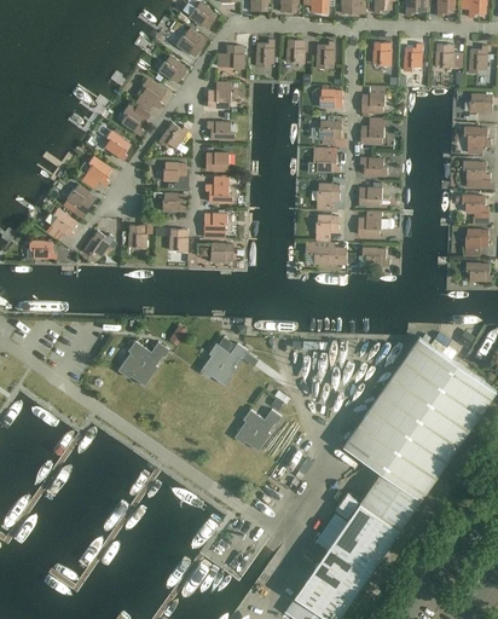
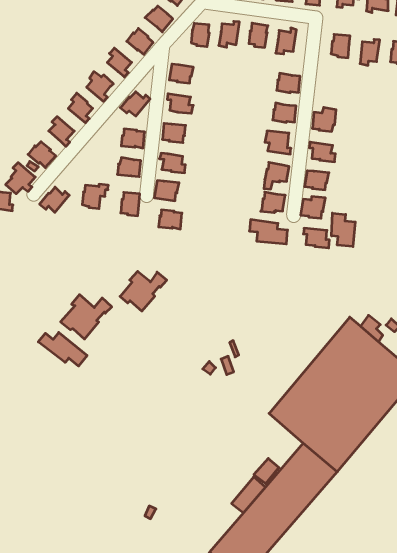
building: [360,86,384,116] -> none
building: none -> [332,213,355,247]
building: [199,342,247,384] -> [120,271,167,311]
building: none -> [38,332,87,366]
building: [233,409,280,450] -> none

